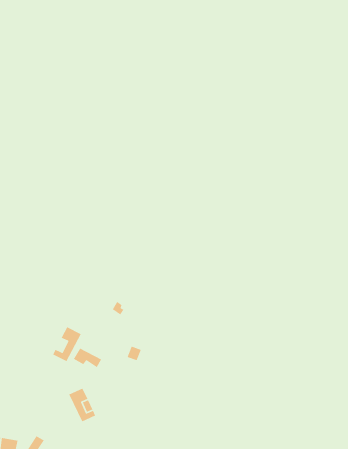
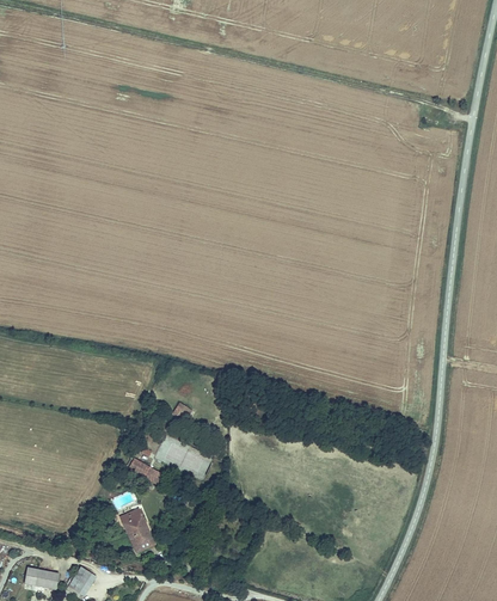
building: [52,326,82,362] -> none

